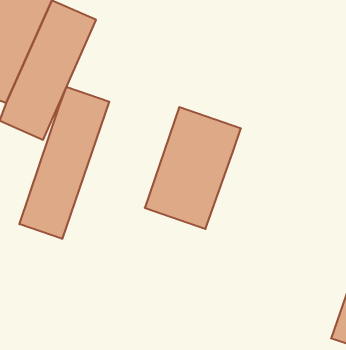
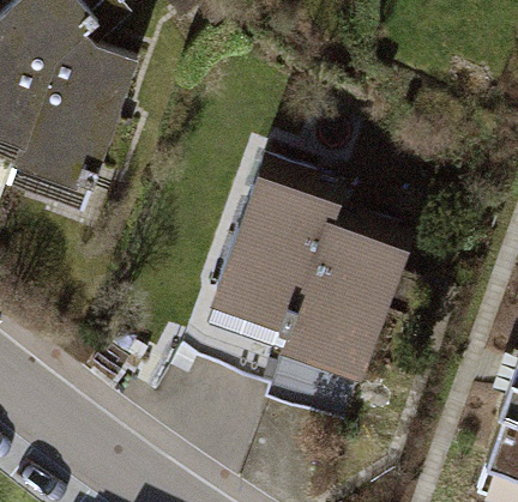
building: [19,87,109,239] -> none
building: none -> [287,226,405,391]

